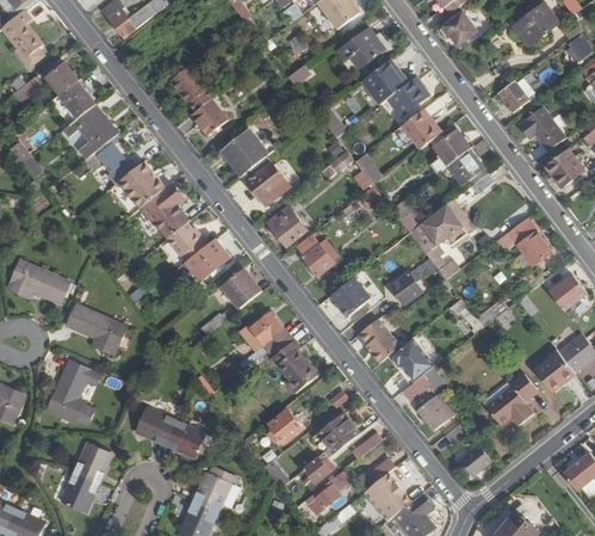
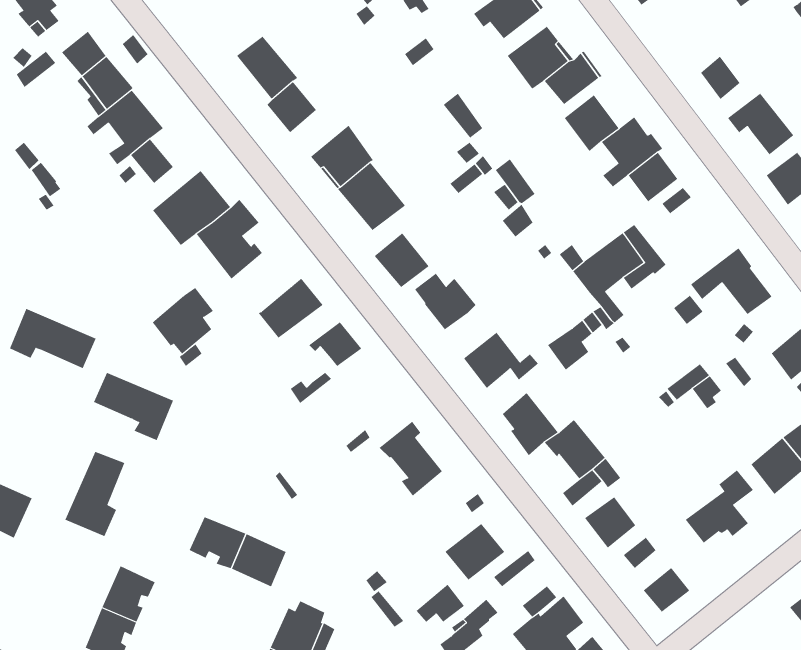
building: [166,214,210,261] -> [152,287,214,354]
building: [252,312,287,349] -> none
building: [264,408,303,443] -> none

